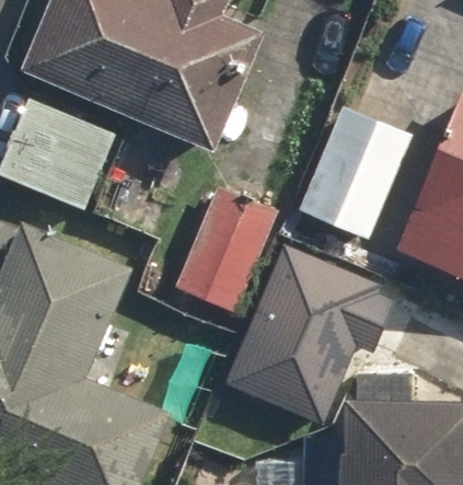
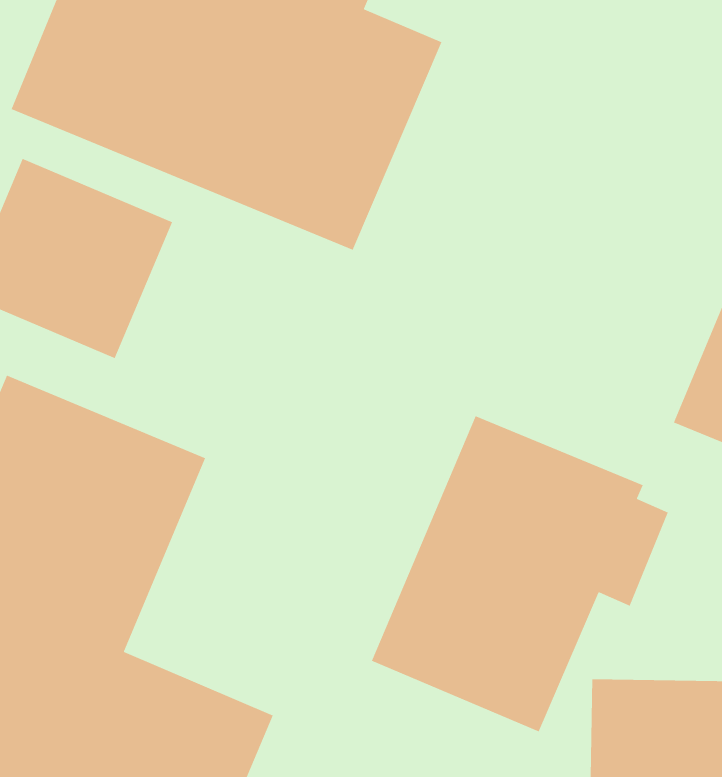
building: [297,105,414,242] -> none
building: [172,187,276,315] -> none

